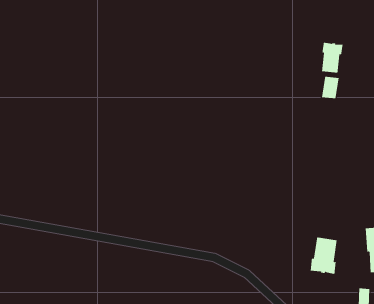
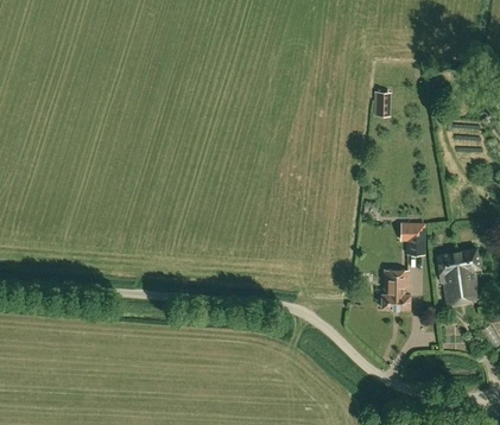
building: [321,42,343,73] -> none
building: none -> [401,224,424,254]

